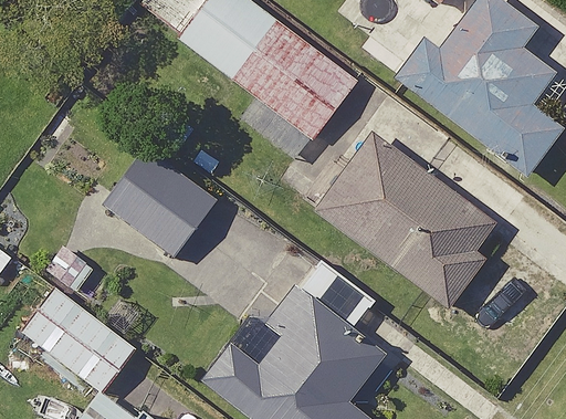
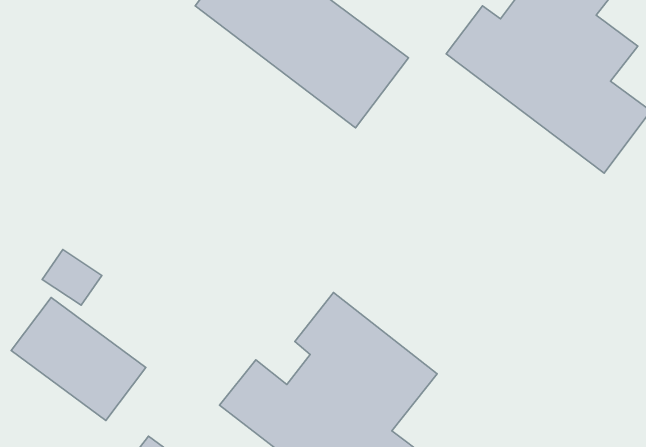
building: [313,130,497,311] -> none
building: [103,146,219,256] -> none

